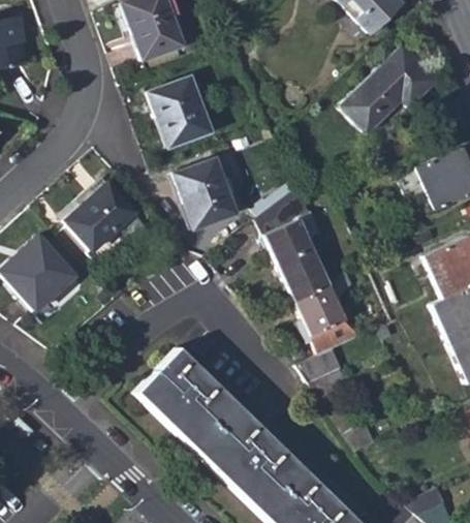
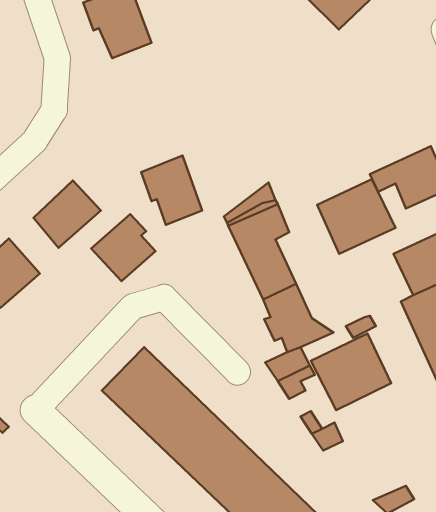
building: [341,44,437,132] -> none
building: [149,78,211,144] -> none
building: none -> [317,179,396,254]
building: none -> [91,214,156,281]
building: none -> [311,333,391,410]

